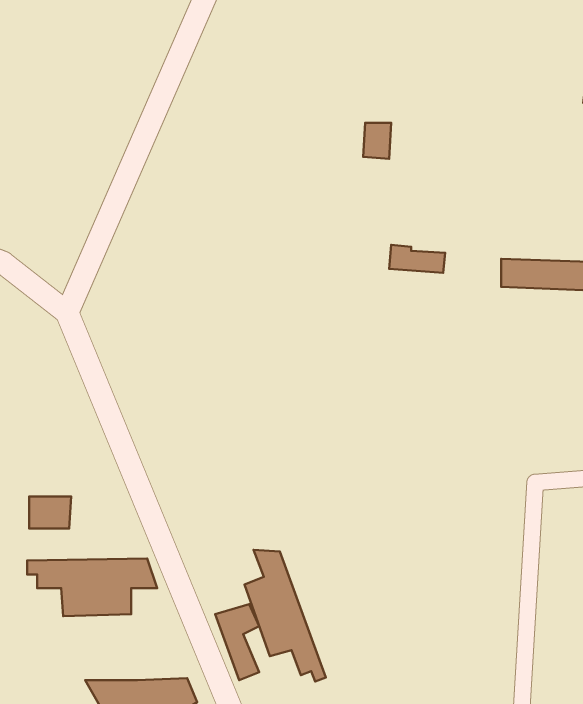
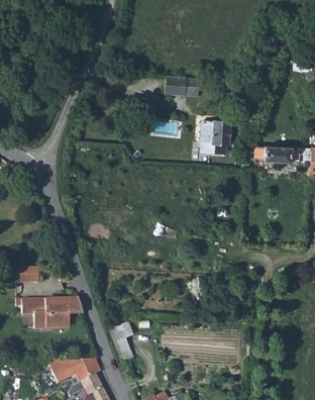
building: none -> [165,76,187,95]
building: none -> [199,120,228,143]
building: [244,550,326,682] -> none

